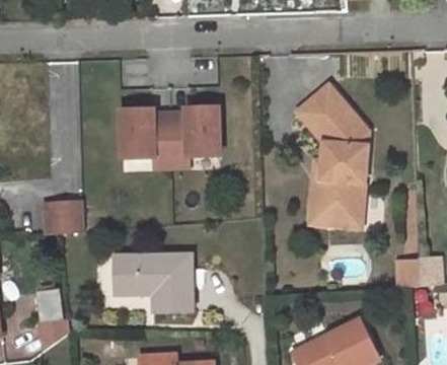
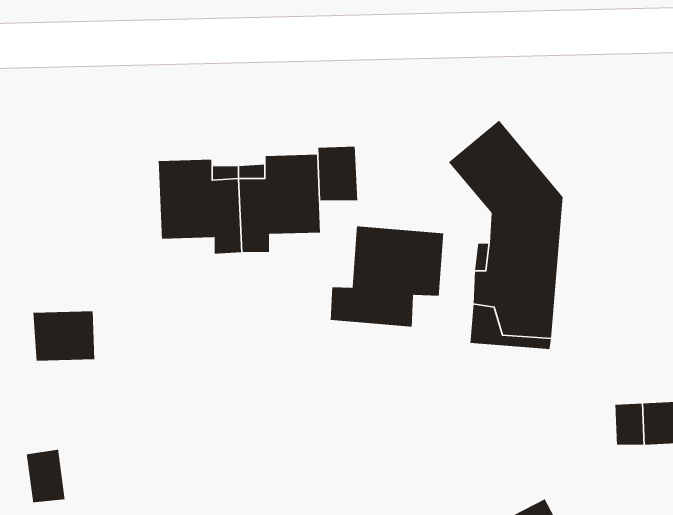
building: none -> [317,146,358,201]
building: none -> [330,225,444,328]
building: [114,253,193,310] -> none

